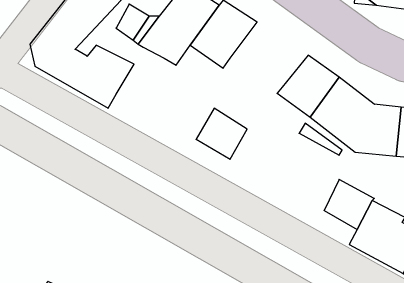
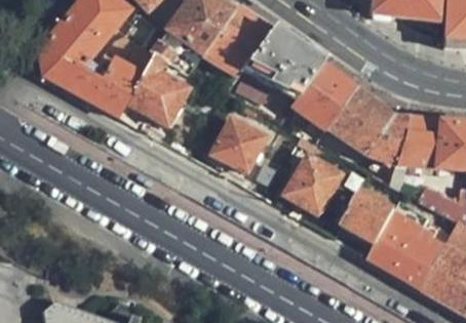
building: none -> [243,27,323,97]
building: none -> [126,56,183,125]
building: none -> [283,156,339,214]

